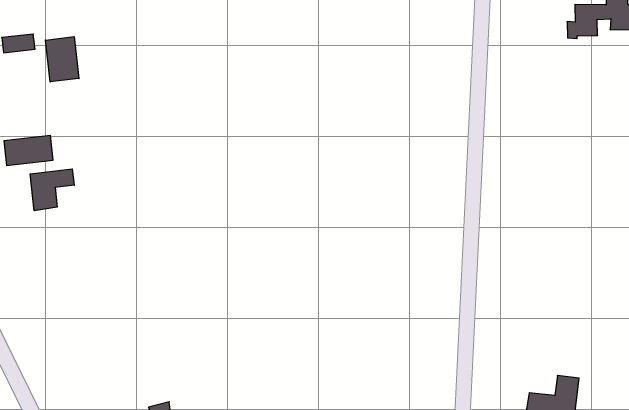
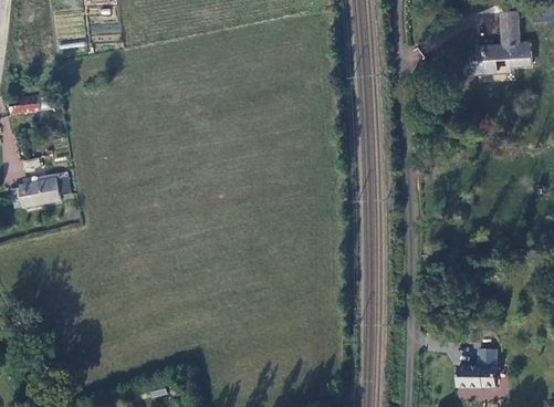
building: [45,37,79,82] -> none
building: [30,169,74,211] -> none

